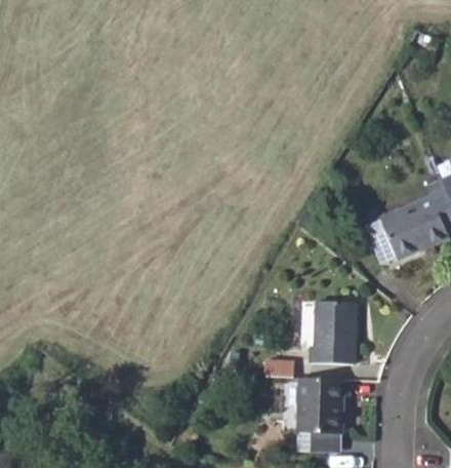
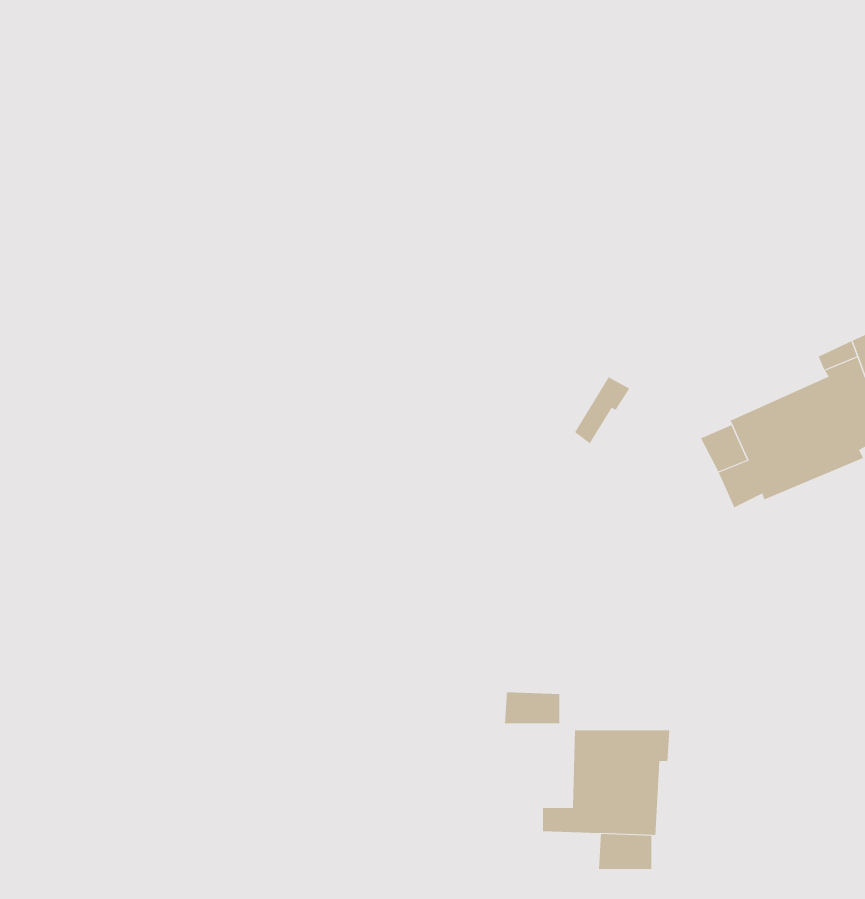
building: [311,301,356,363] -> none

